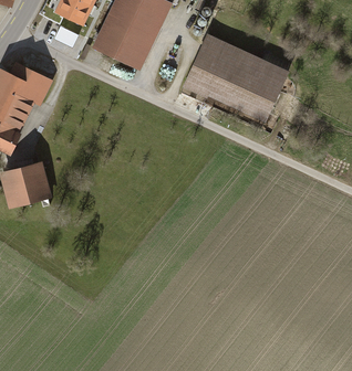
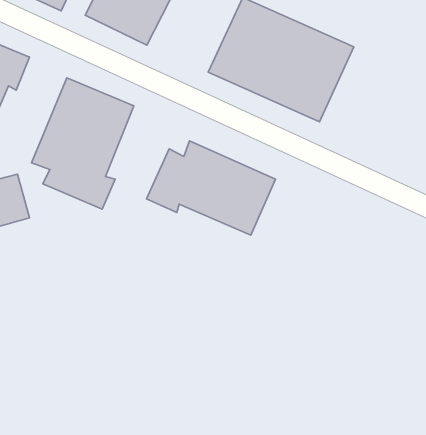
building: none -> [31,78,134,209]
building: none -> [147,141,276,235]

